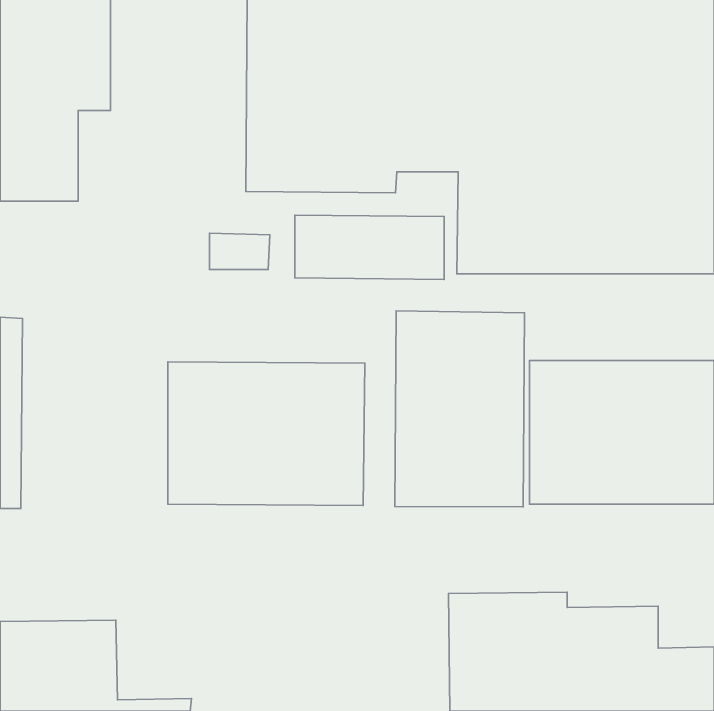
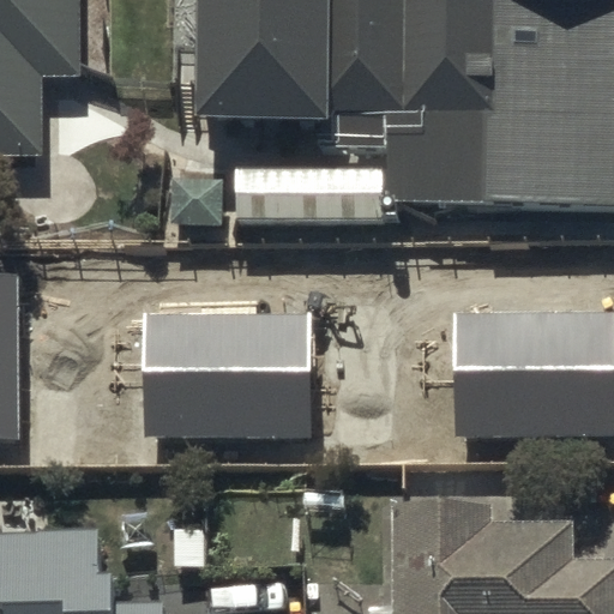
building: [395,311,524,507] -> none

